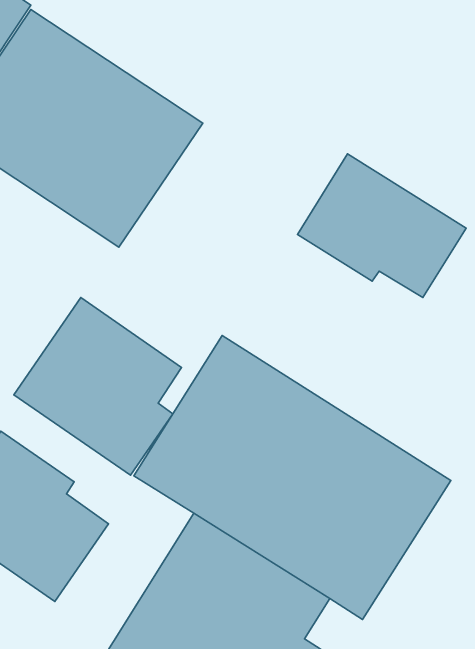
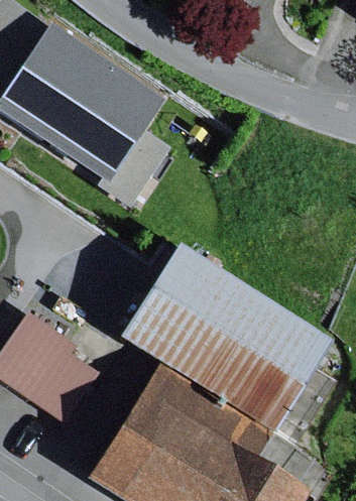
building: [298,154,466,298] -> none
building: [14,298,182,475] -> none

